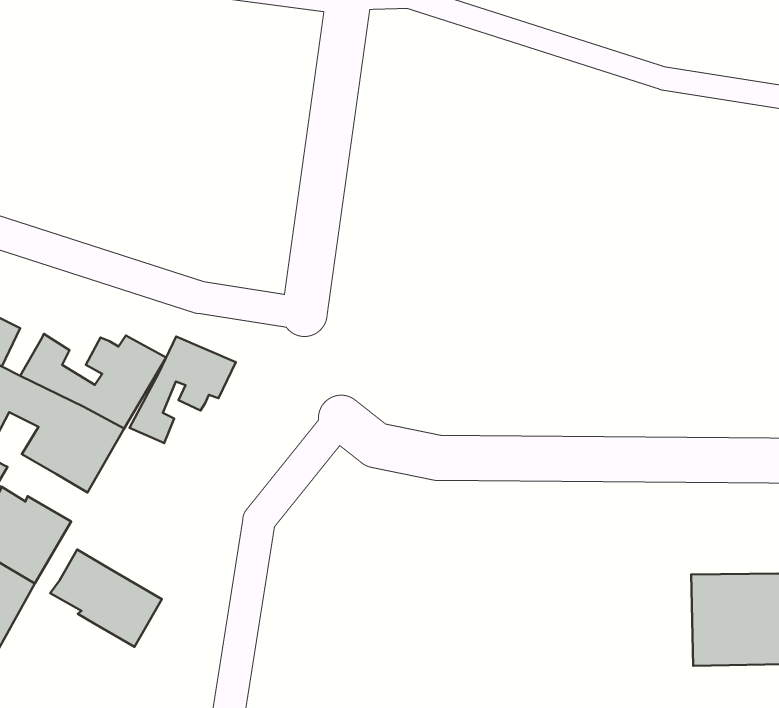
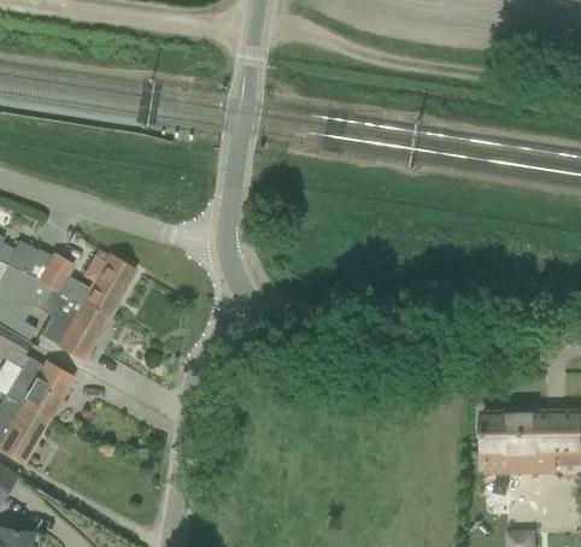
building: [130,337,236,443] -> none
building: [50,550,162,647] -> none

